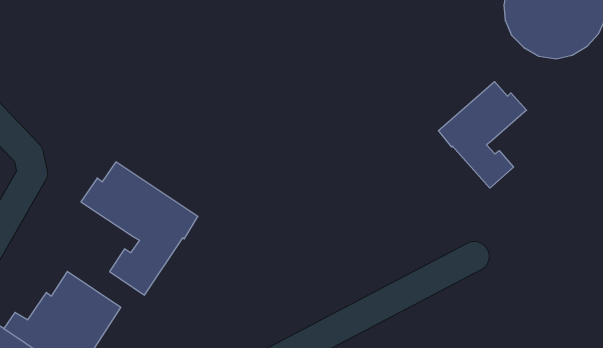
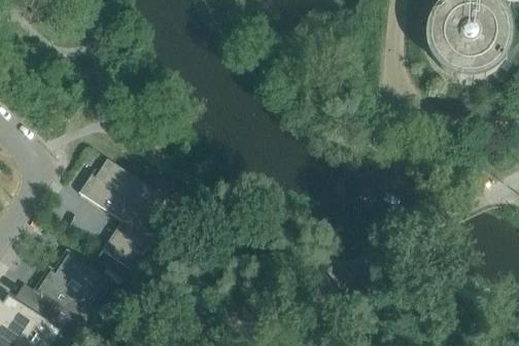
building: [438,82,527,188] -> none

